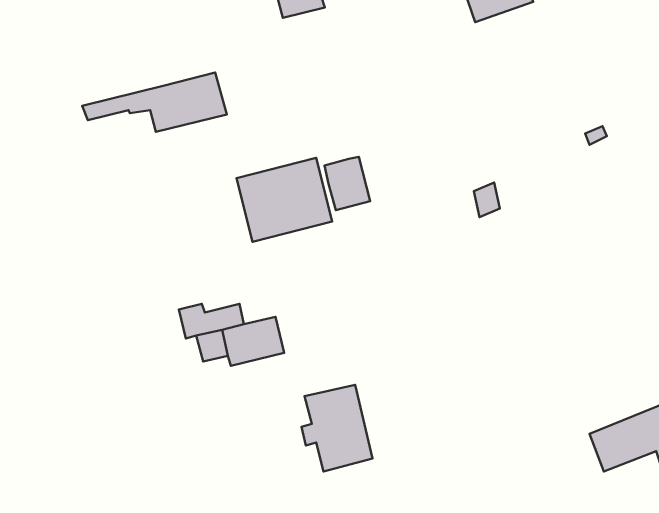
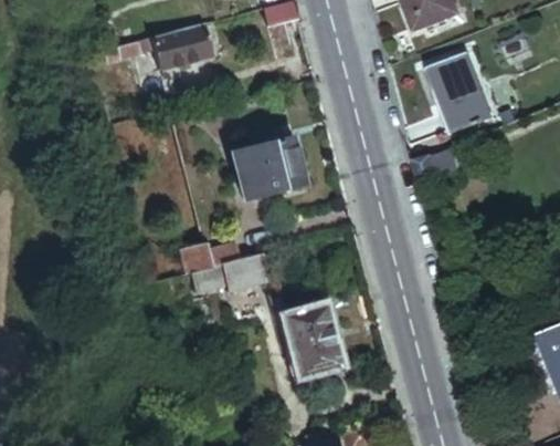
building: none -> [424,49,493,135]
building: [82,73,227,132] -> [104,24,214,70]
building: [324,157,370,210] -> none

